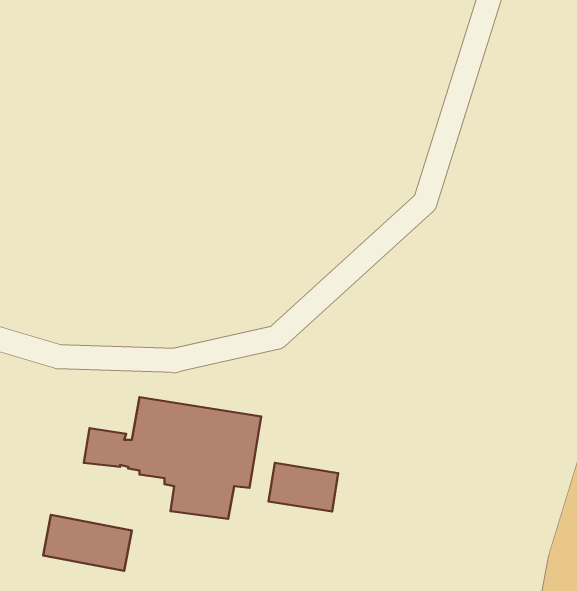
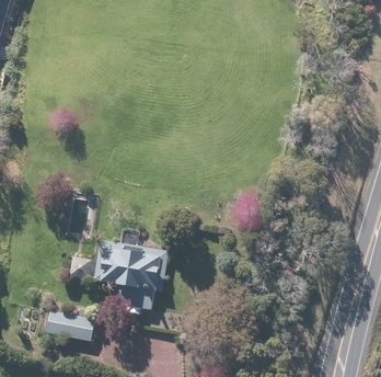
building: [269,463,338,512] -> none

